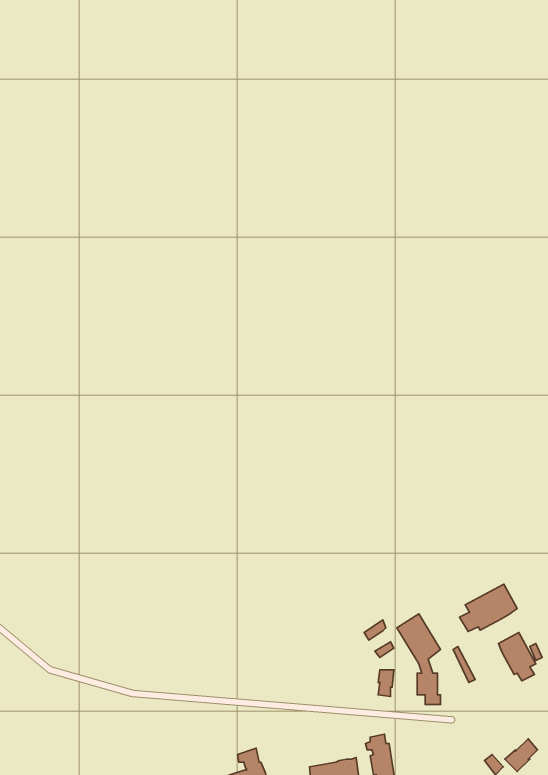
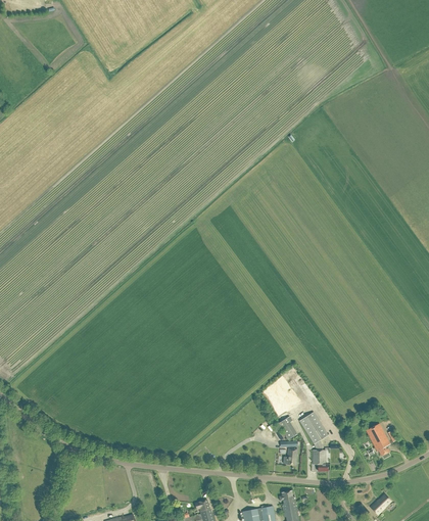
building: [459,584,517,632] -> none

